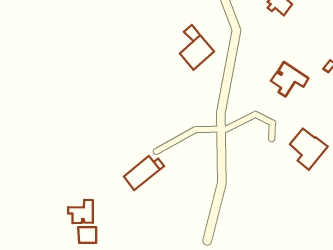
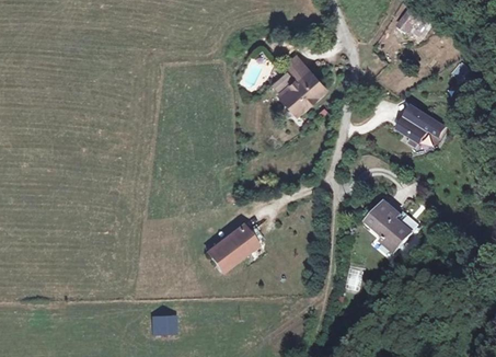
building: [290,129,328,170] -> [372,205,420,257]
building: [68,200,93,223] -> none

